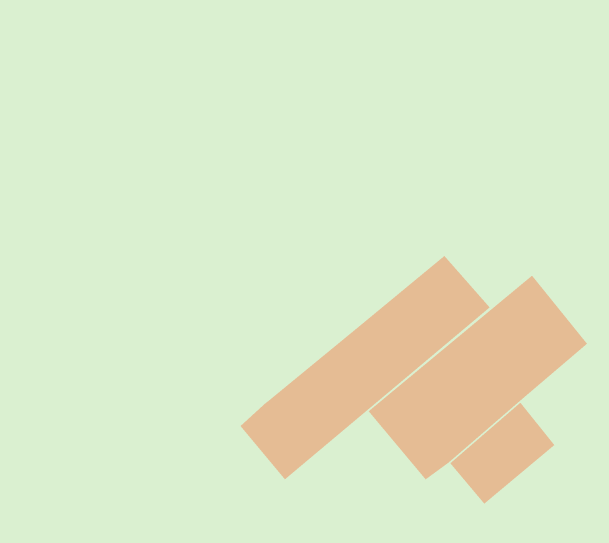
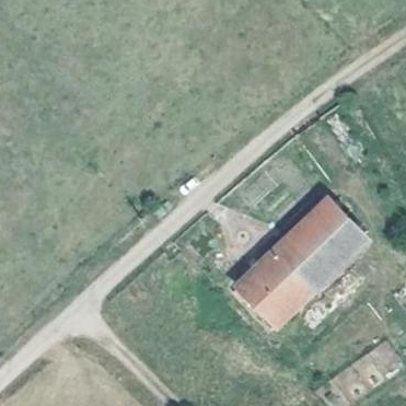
building: [239,255,491,481] -> none

